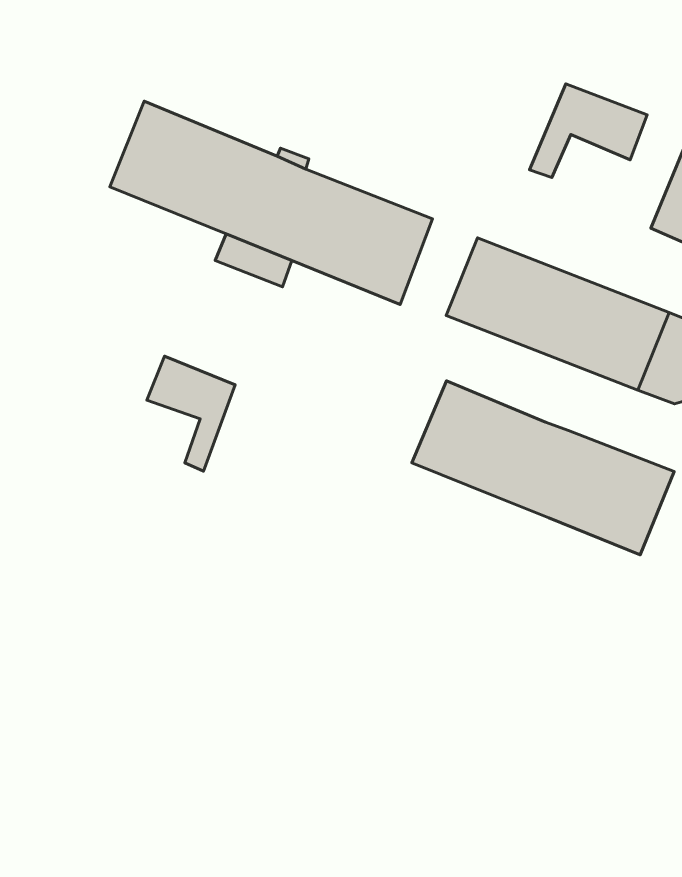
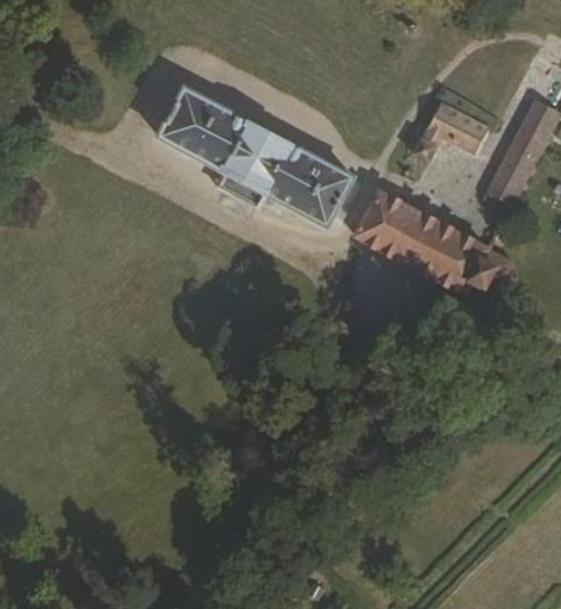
building: [147,356,235,471] -> none
building: [412,381,674,555] -> none

